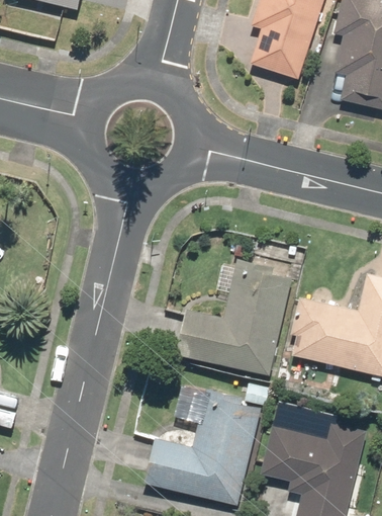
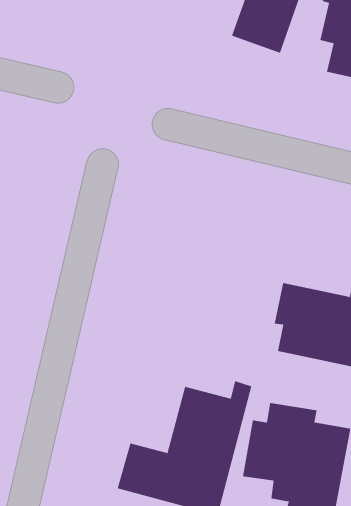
building: [176,258,293,377] -> none

